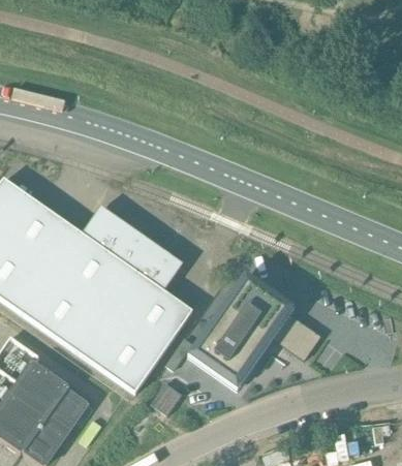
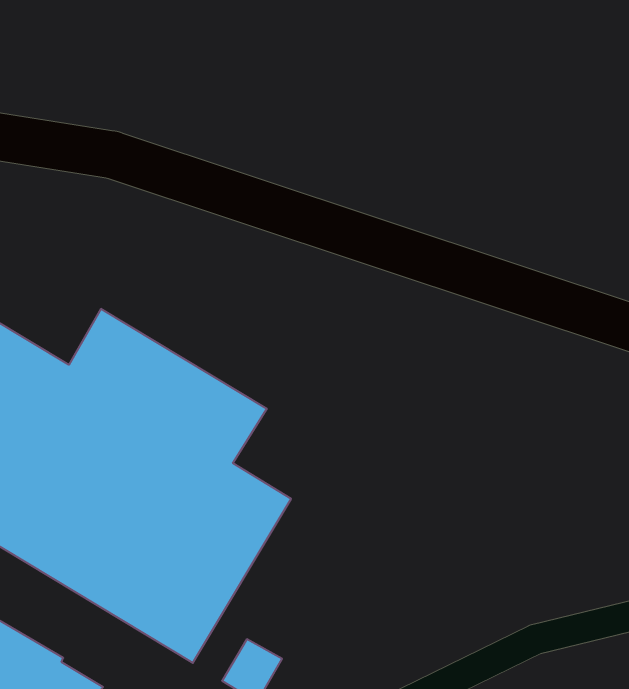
building: [187,273,320,389] -> none

